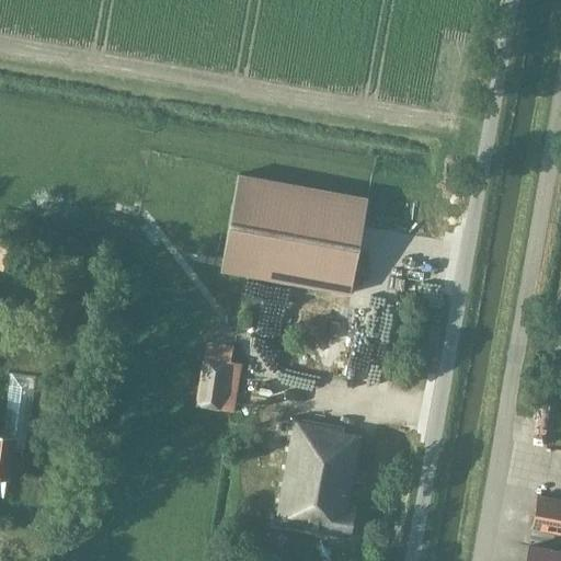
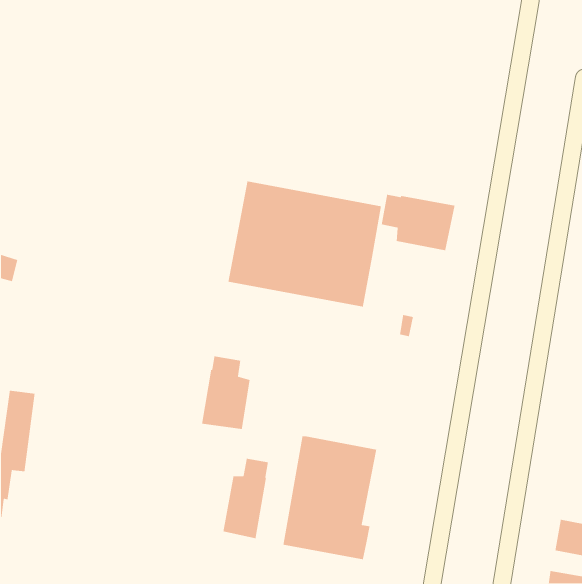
building: none -> [381,194,455,251]
building: none -> [223,458,269,539]

